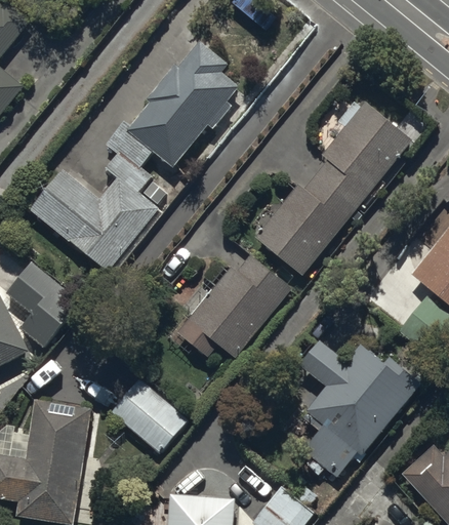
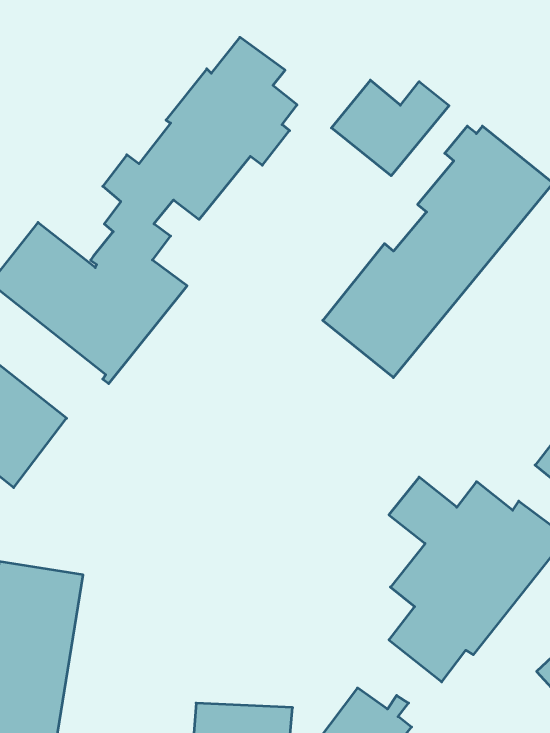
building: none -> [331,80,449,176]
building: [173,255,291,365] -> none
building: [111,376,190,454] -> none

